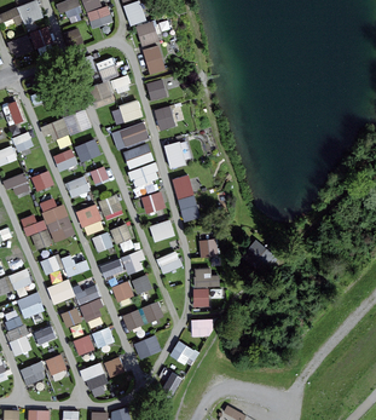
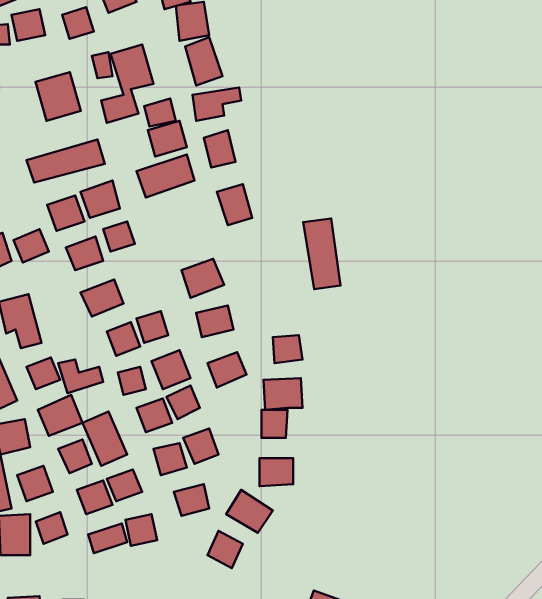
building: none -> [35,72,81,121]
building: [121,143,161,188] -> none
building: [174,174,198,220] -> [303,218,340,289]
building: [41,199,75,242] -> none

